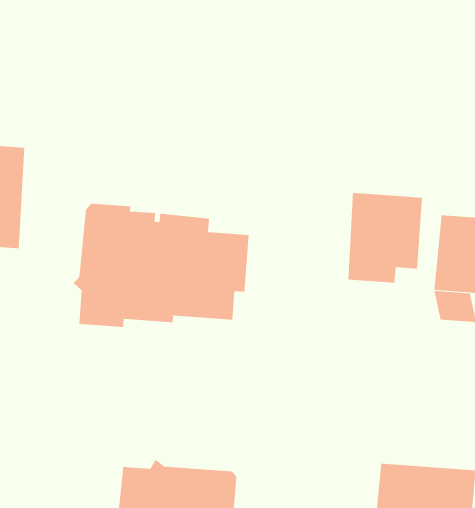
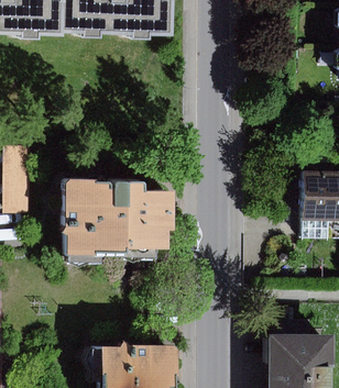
building: [348,192,423,284] -> none

